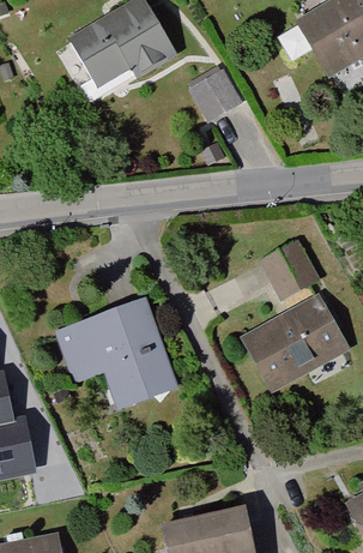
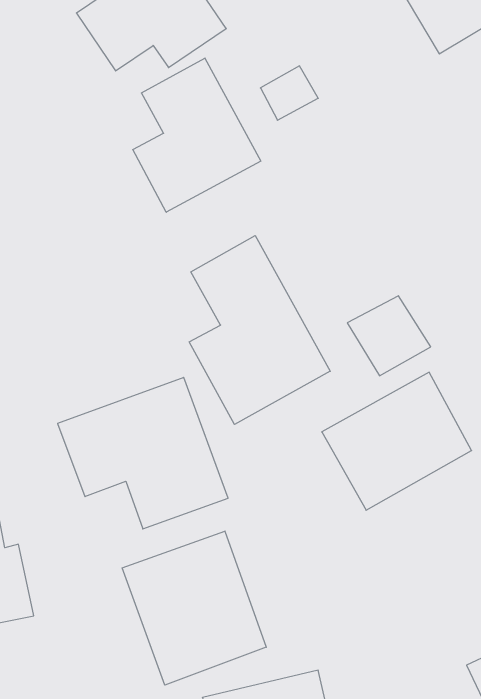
building: none -> [133,58,261,212]
building: none -> [189,236,330,424]
building: none -> [122,531,266,685]

